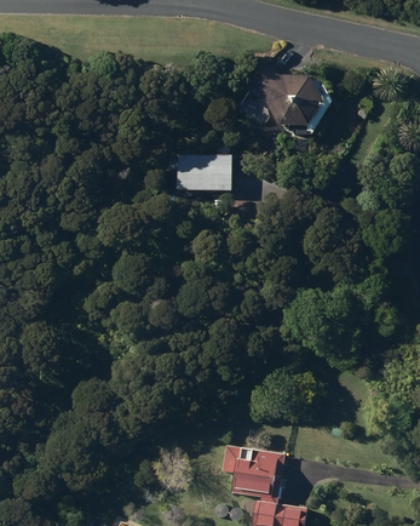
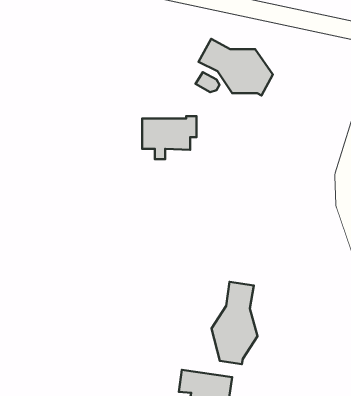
building: none -> [212,282,257,364]

